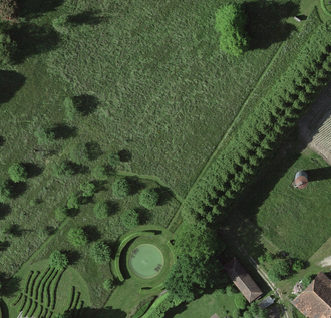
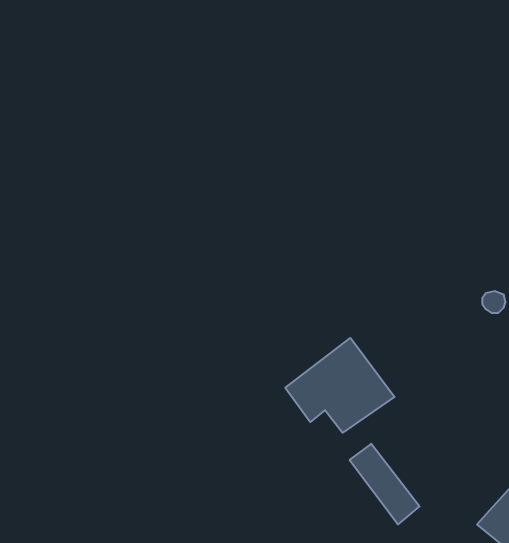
building: none -> [285,338,395,433]

